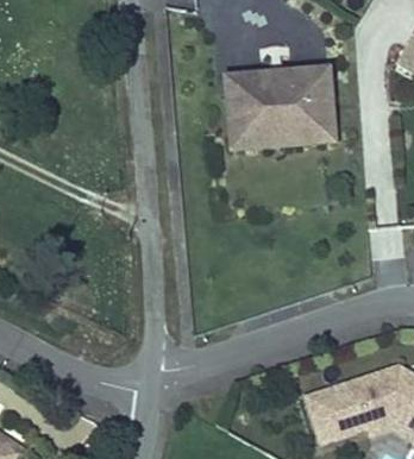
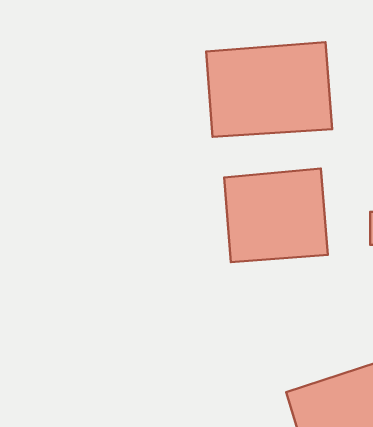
building: none -> [224,169,328,262]

